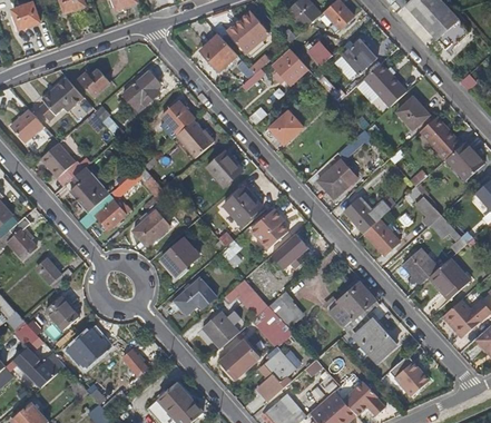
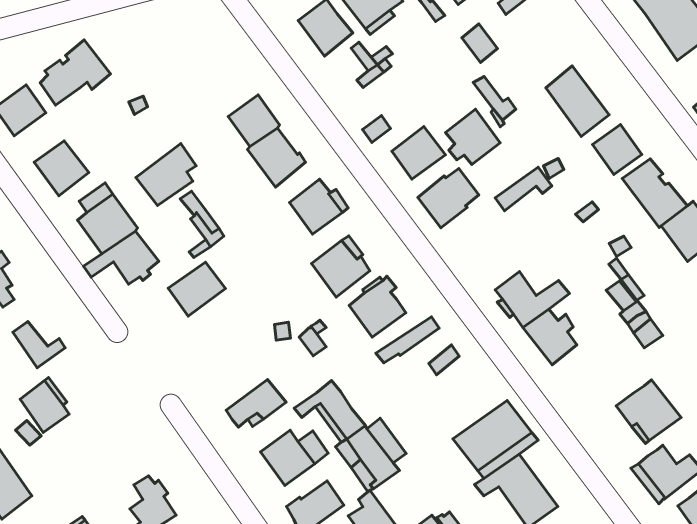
building: [341,38,375,73] -> none
building: [272,48,307,83] -> [445,109,500,165]
building: [71,65,109,96] -> none
building: [121,70,159,111] -> [136,143,196,206]
building: [317,160,356,199] -> [418,169,479,228]
building: [160,237,199,275] -> none
building: [403,248,438,285] -> none
building: [72,329,107,365] -> none

